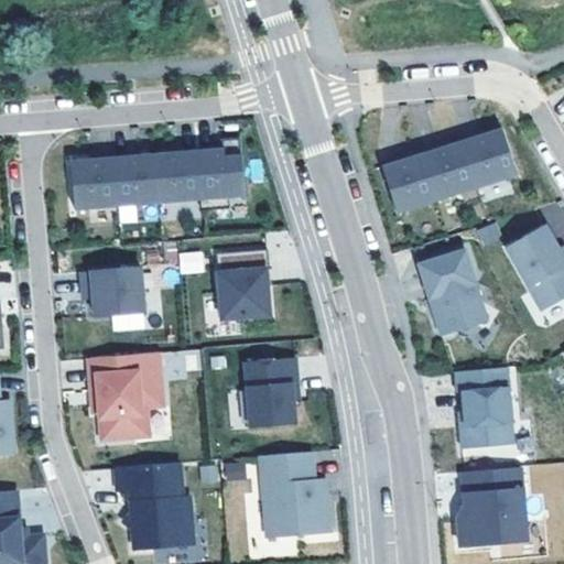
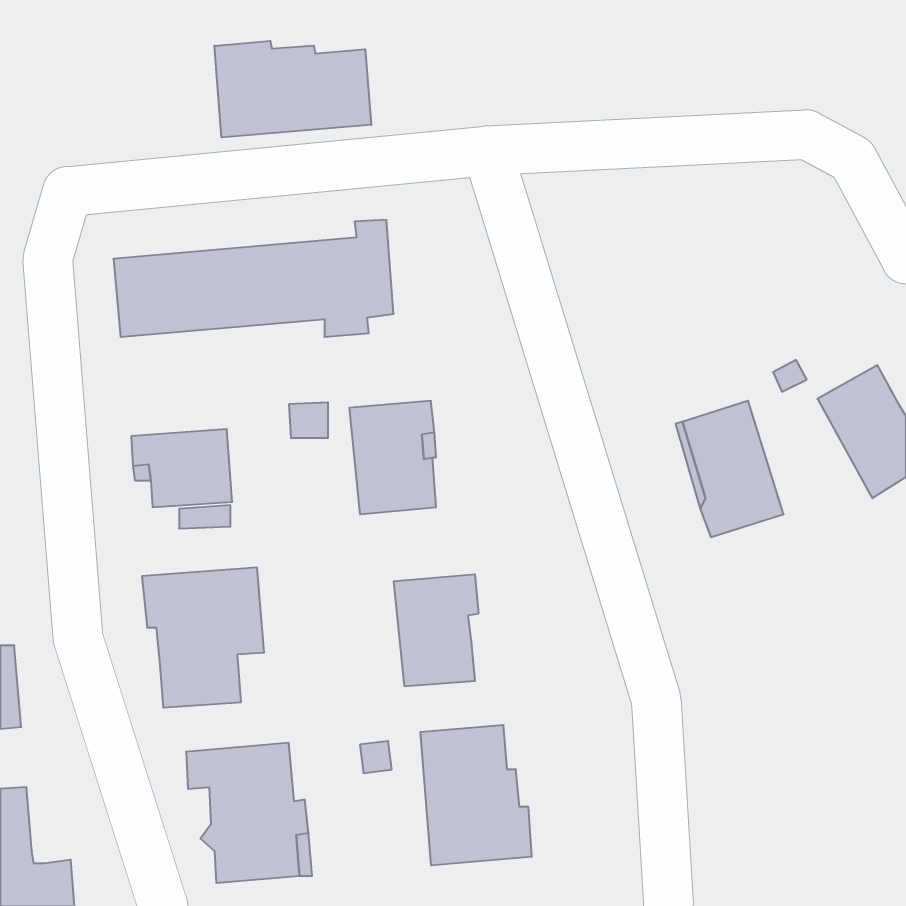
building: none -> [214,41,371,137]
building: [382,128,517,213] -> none
building: [455,366,514,447] -> none
building: [458,466,527,546] -> none

